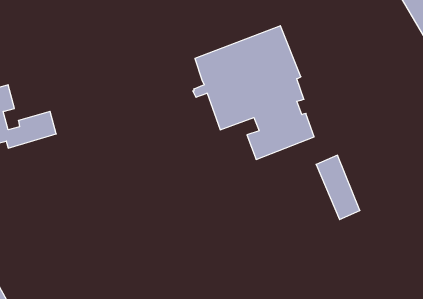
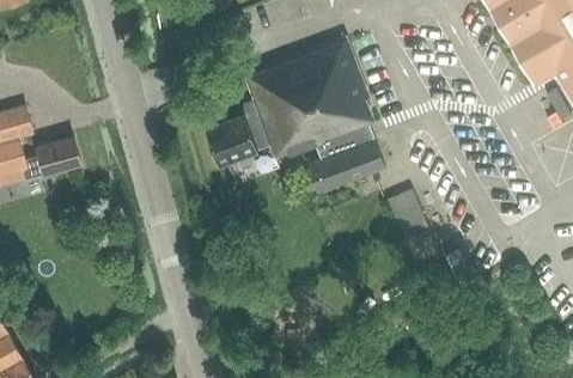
building: none -> [206,115,270,166]

